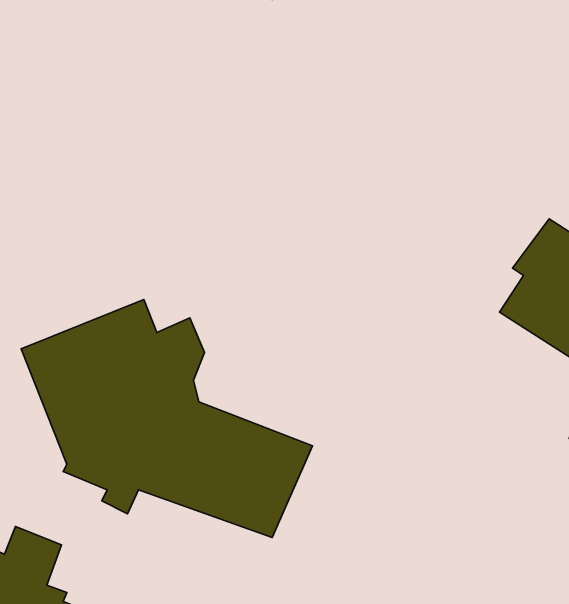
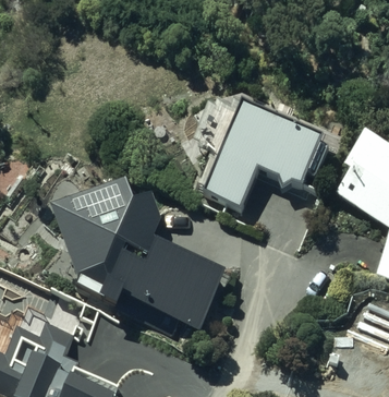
building: none -> [197,97,326,205]

